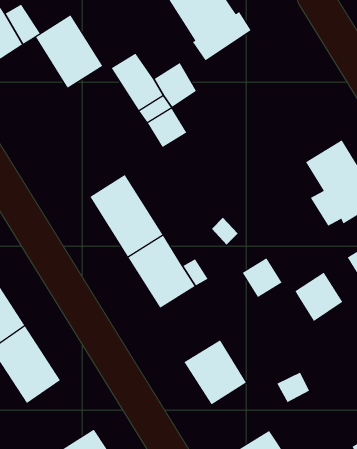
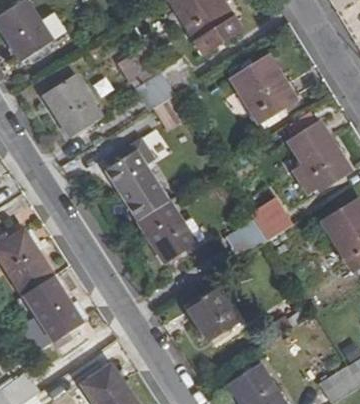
building: [35,15,103,88] -> [44,75,101,137]
building: none -> [232,55,296,124]
building: [294,272,343,322] -> [253,198,294,240]

